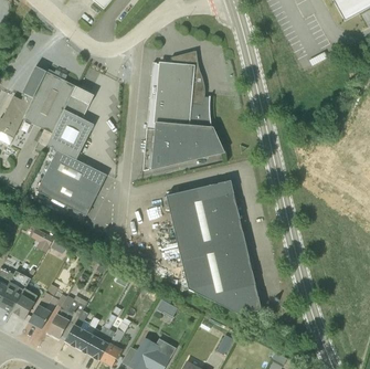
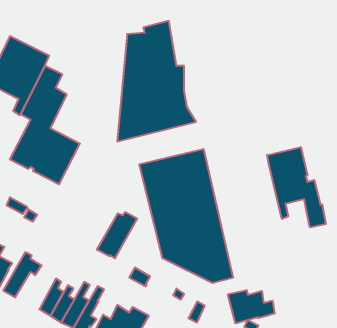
building: none -> [267,147,326,227]
building: [46,295,87,341] -> [97,212,137,258]
building: none -> [228,290,275,323]

